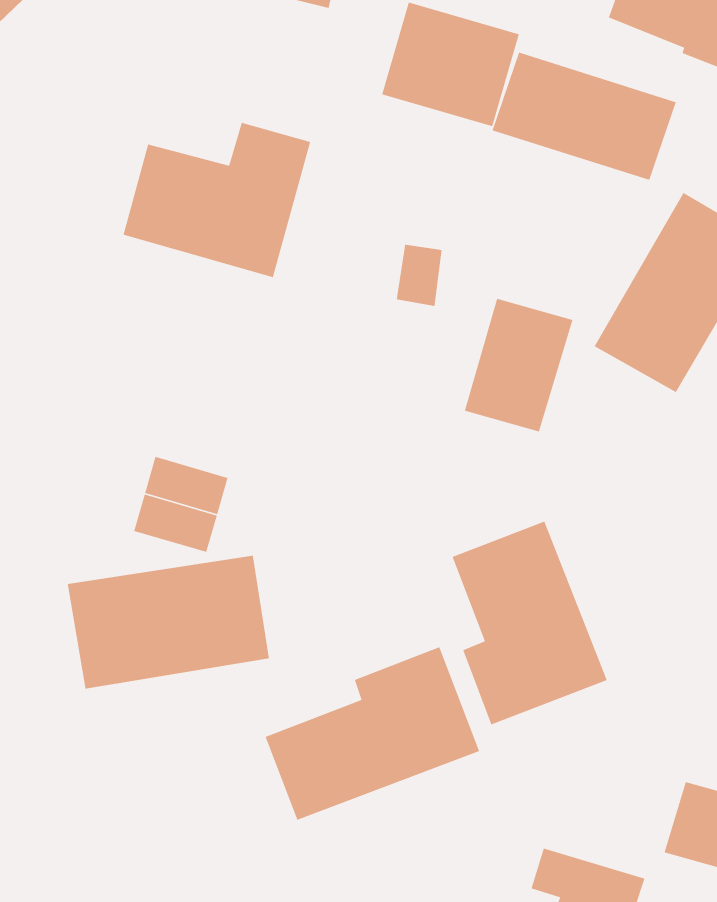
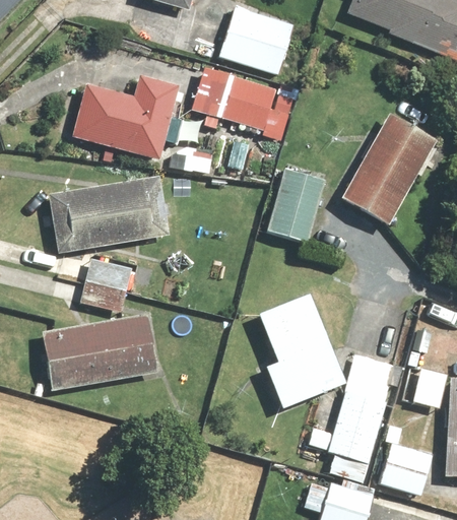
building: [492,52,677,181] -> [191,67,296,140]
building: none -> [48,175,168,253]
building: none -> [308,363,397,481]
building: [264,646,480,821] -> none

